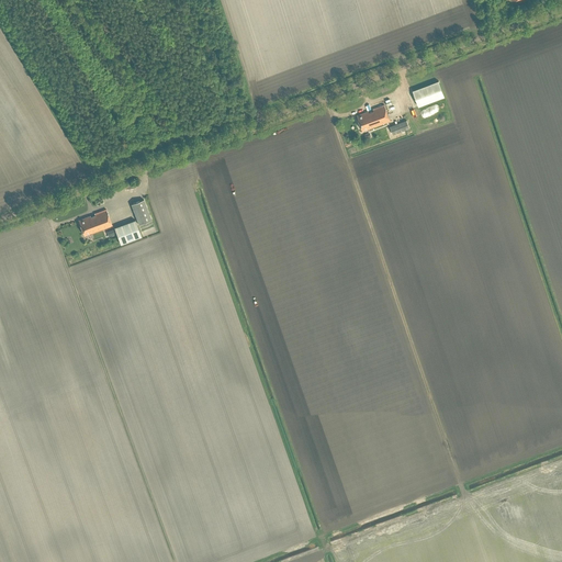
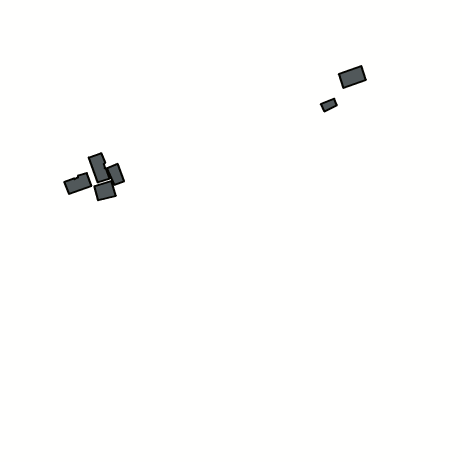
building: [356,105,390,132] -> none
building: none -> [89,153,109,183]

